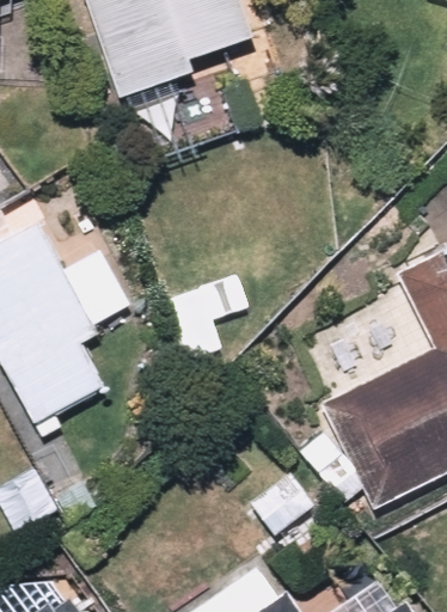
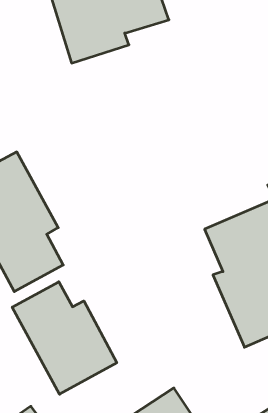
building: none -> [12,282,117,394]

